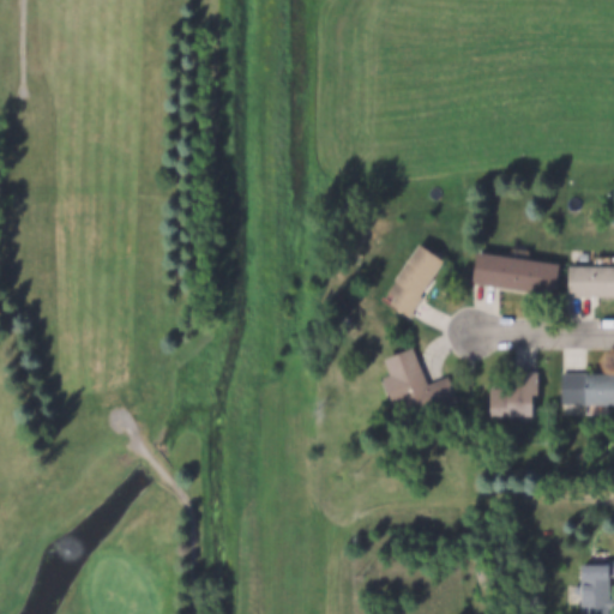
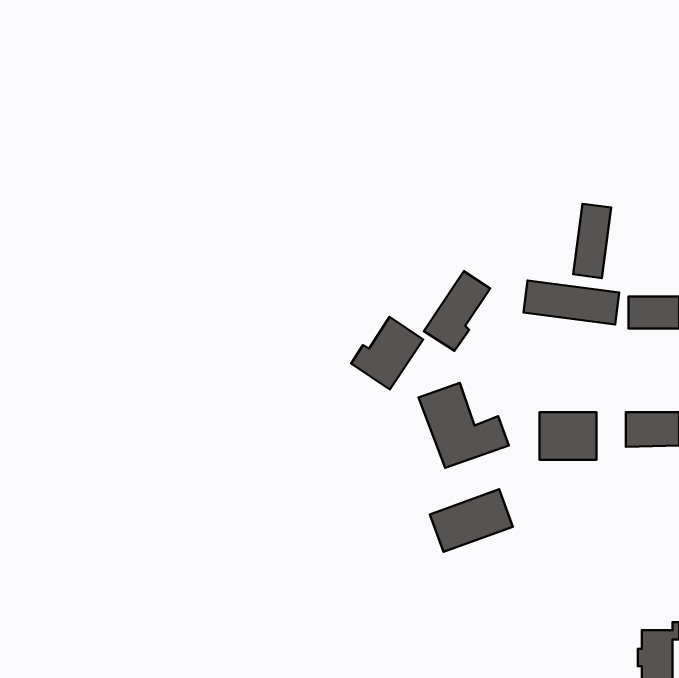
building: none -> [573,204,611,278]
building: none -> [351,317,423,390]
building: none -> [430,489,513,552]

